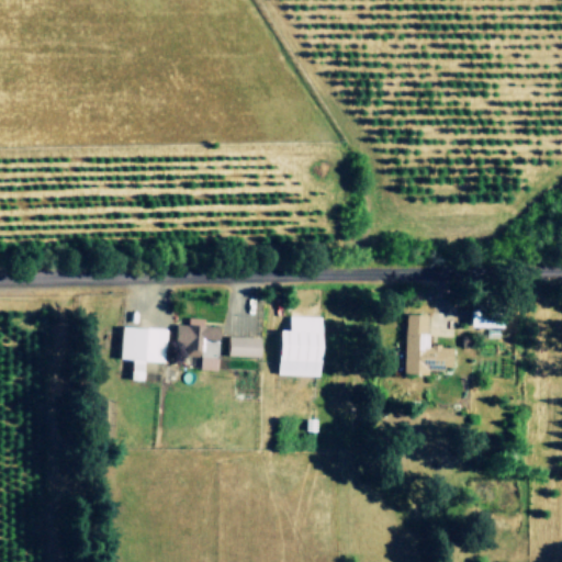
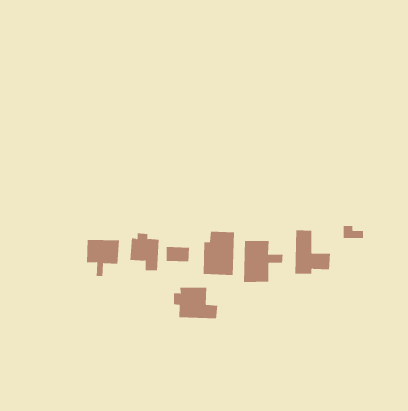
building: none -> [243,240,283,283]
building: none -> [173,287,218,319]

